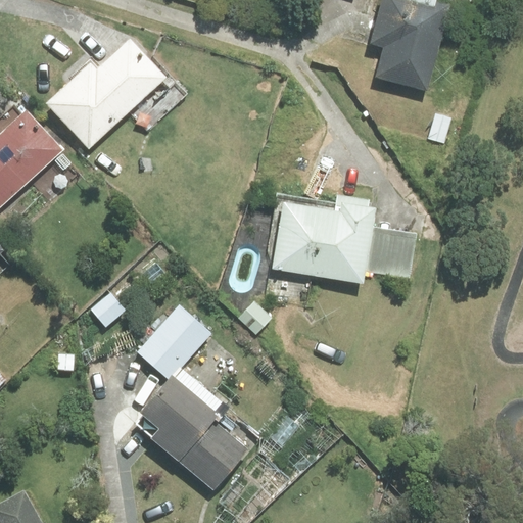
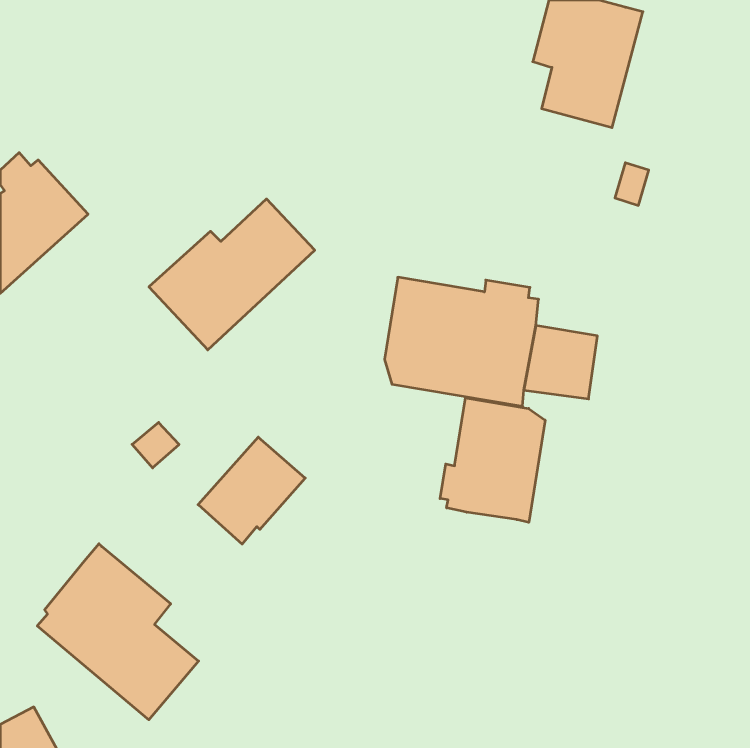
building: [48,42,163,147] -> [149,199,315,350]
building: none -> [440,398,545,522]
building: [136,368,248,490] -> [37,544,199,720]

